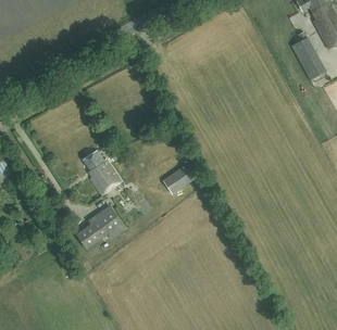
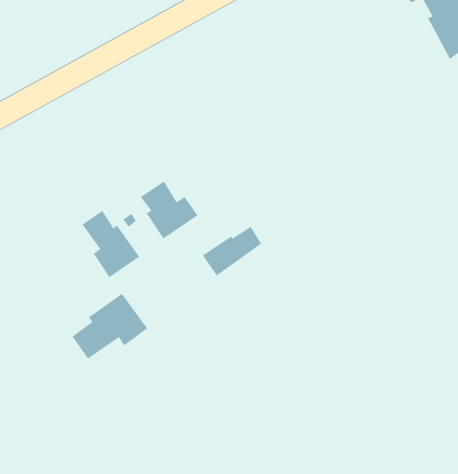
building: [290,36,324,79] -> none
building: none -> [140,180,198,240]

